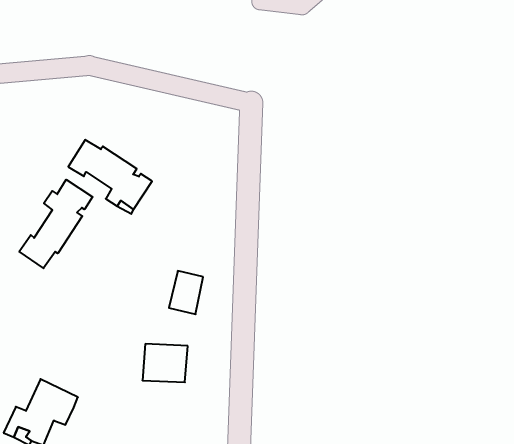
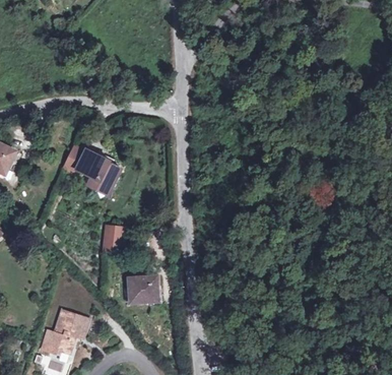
building: [19,180,93,268] -> none
building: [169,271,203,314] -> [103,225,123,252]

